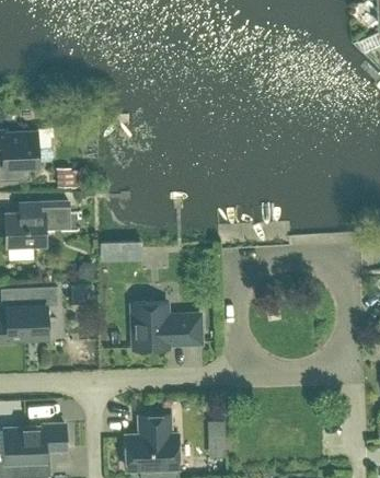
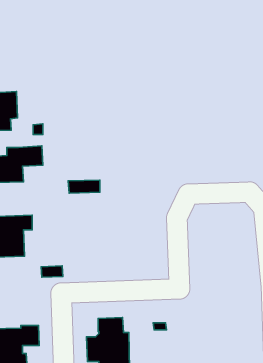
building: [131,303,201,351] -> none

